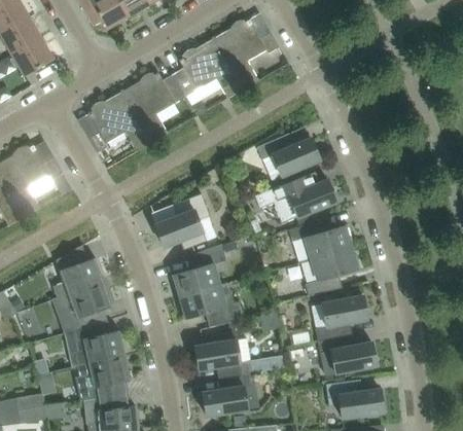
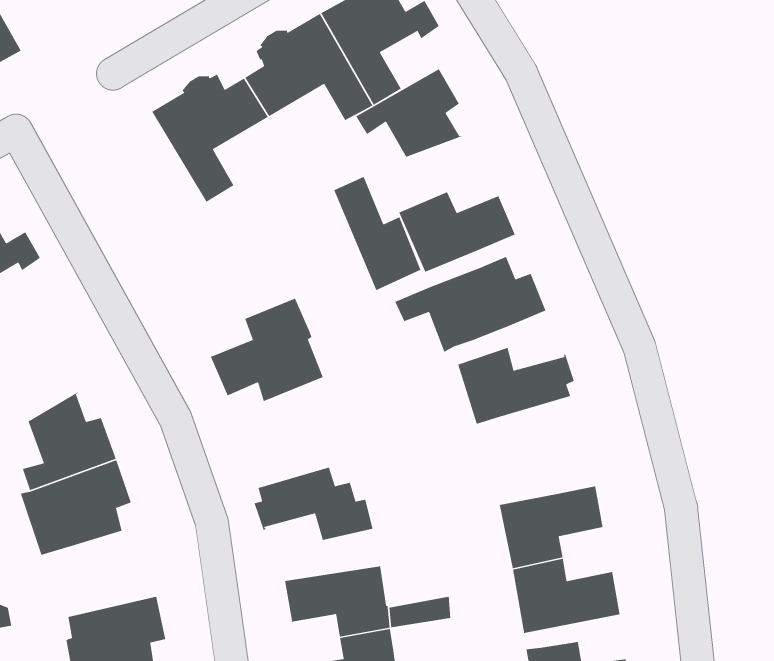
building: none -> [355,68,464,158]
building: [87,93,152,152] -> none
building: none -> [333,176,422,291]
building: [170,244,226,296] -> none
building: [305,247,360,295] -> none
building: [74,320,126,366] -> none

